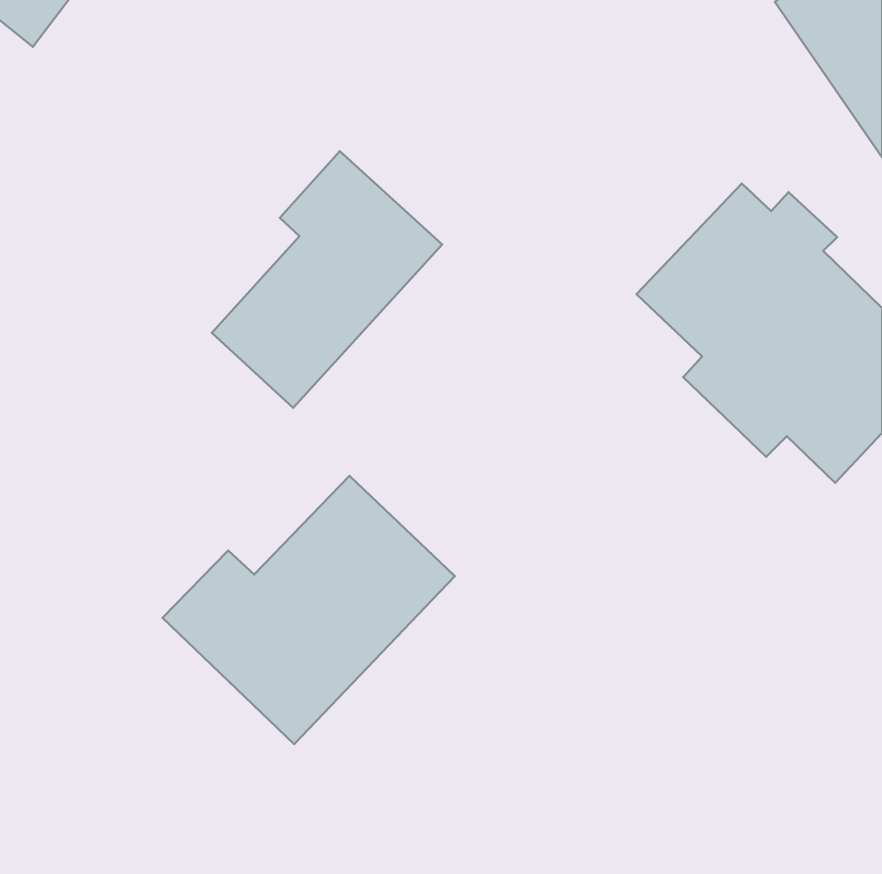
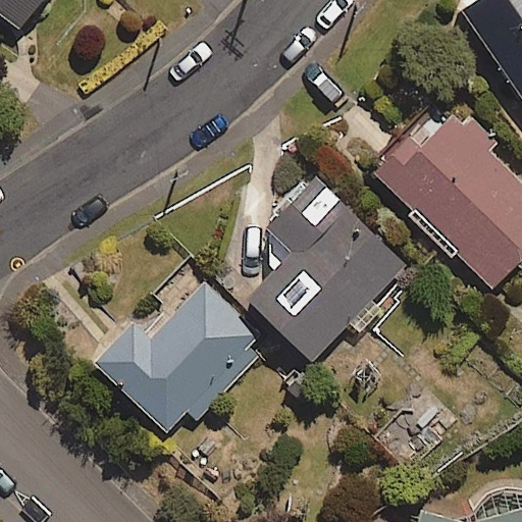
building: [212,151,442,408] -> none
building: none -> [249,180,407,363]

